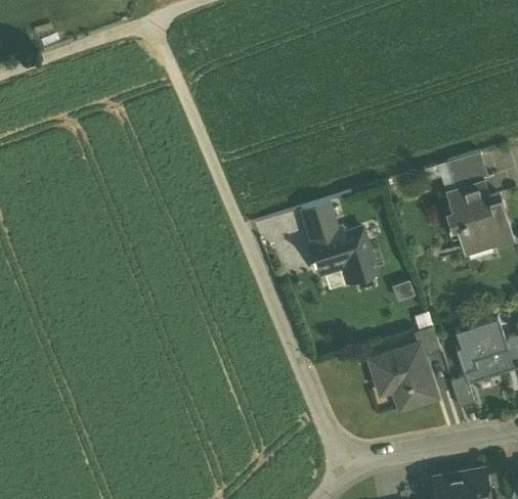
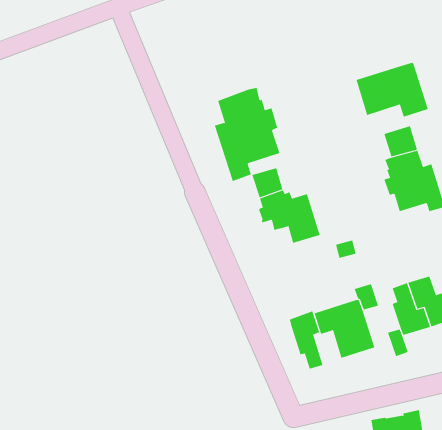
building: none -> [356,62,428,118]
building: none -> [214,87,280,182]
building: none -> [289,311,323,370]

